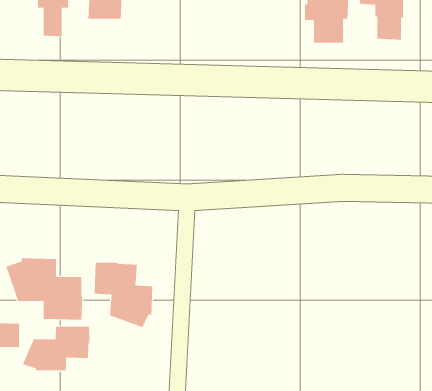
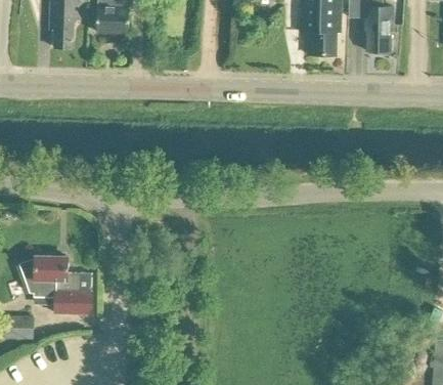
building: [94,262,153,328] -> none
building: [22,326,90,371] -> none

